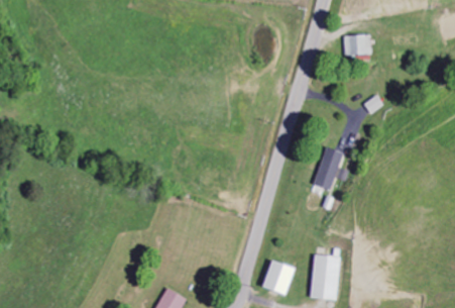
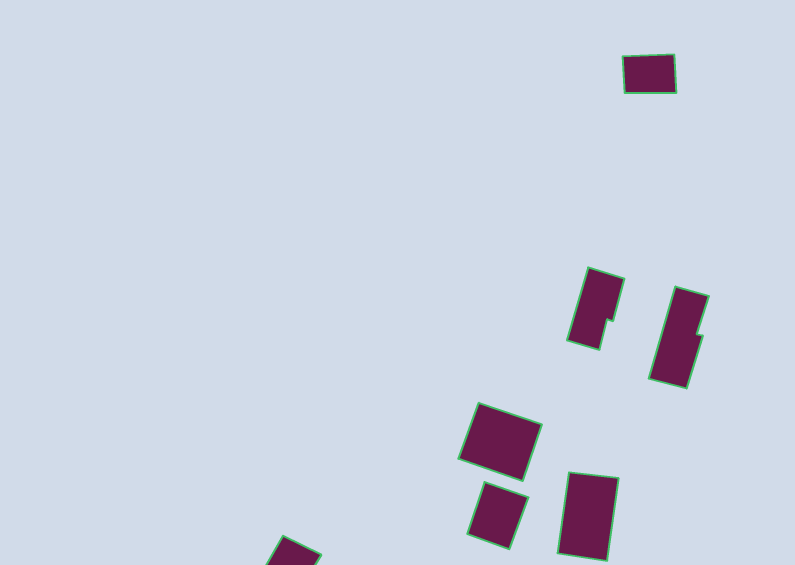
building: none -> [649,286,709,389]
building: none -> [458,403,542,481]

